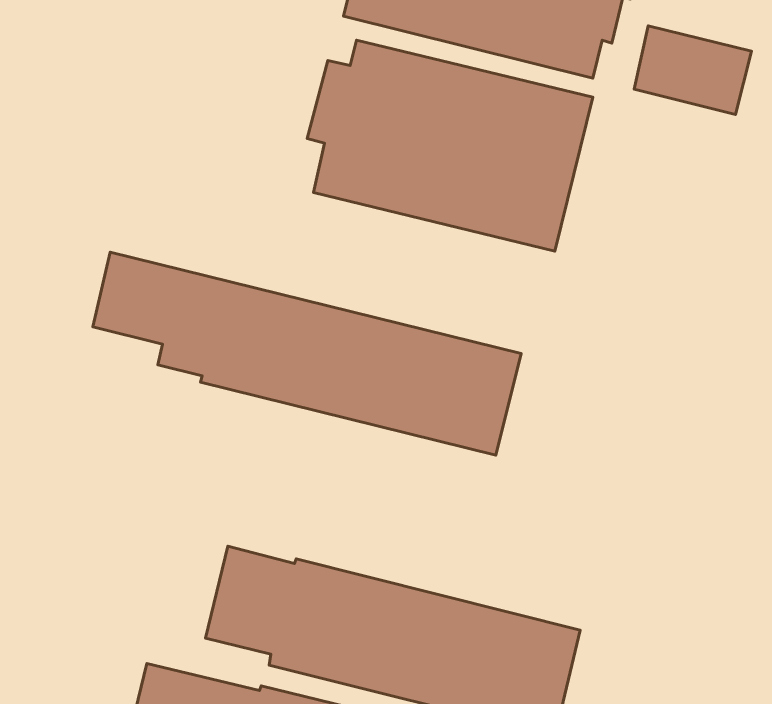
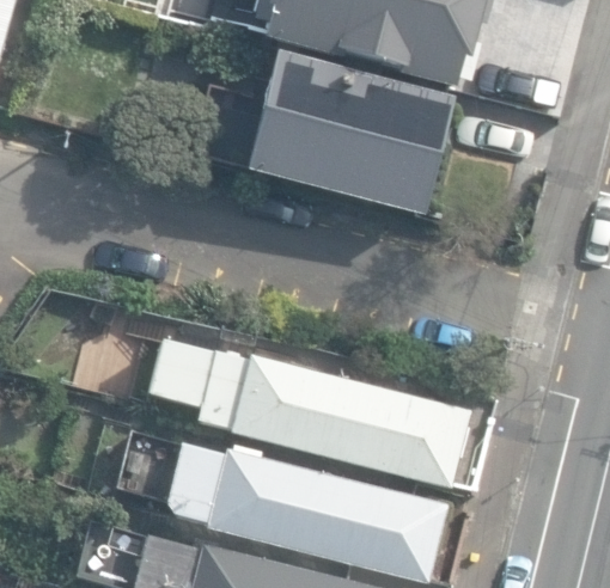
building: [93,252,521,455] -> [148,335,471,488]

